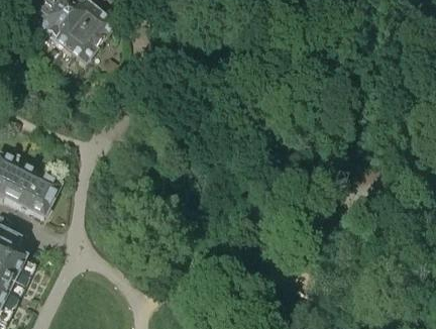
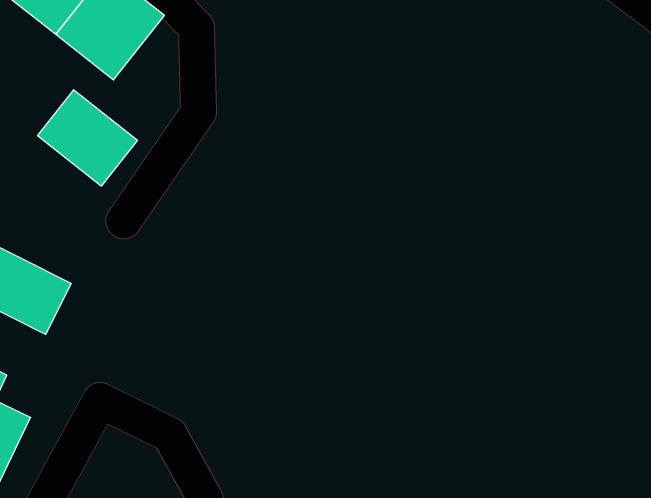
building: none -> [38,90,137,186]

